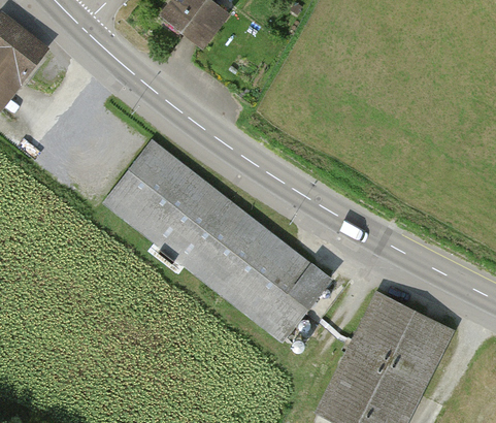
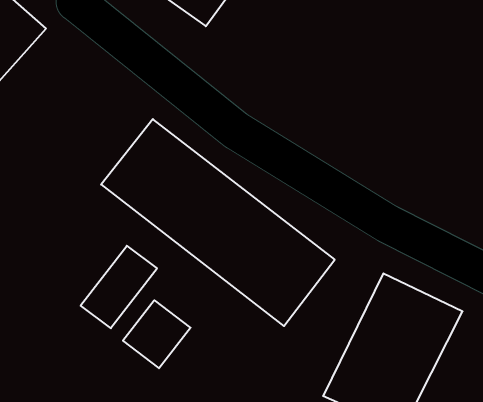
building: none -> [81,246,157,328]
building: none -> [123,300,191,368]

